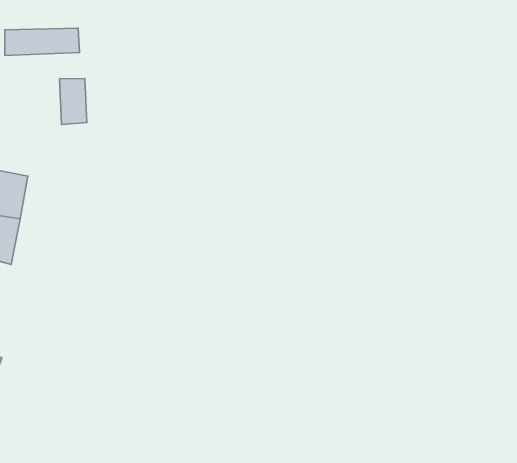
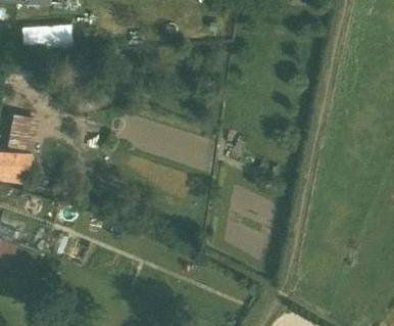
building: [60,79,87,124] -> none

